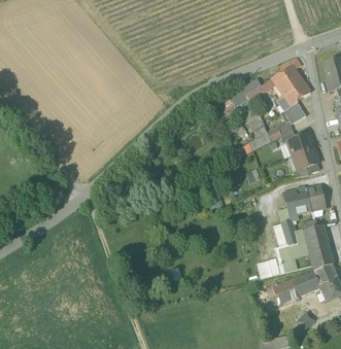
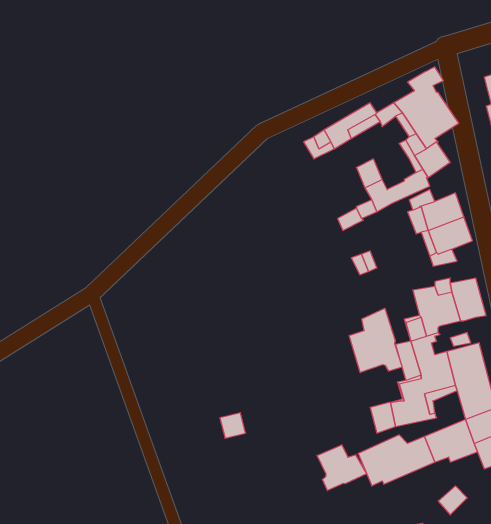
building: none -> [349,308,402,373]
building: none -> [317,445,367,491]

